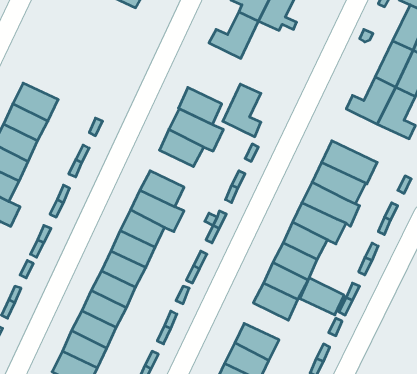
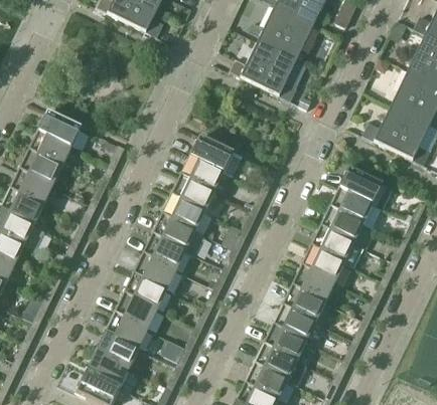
building: [223,84,261,137] -> [262,48,299,99]
building: [178,87,222,125] -> [173,174,215,210]
building: [300,278,344,315] -> [265,323,308,359]

